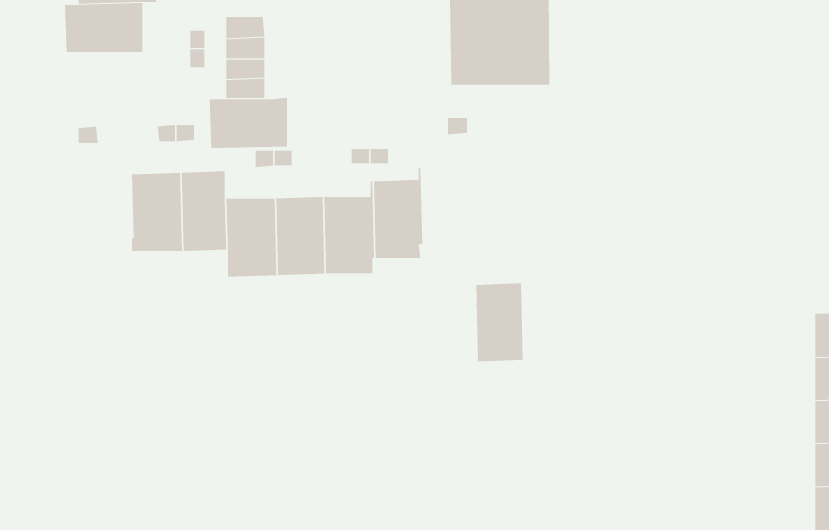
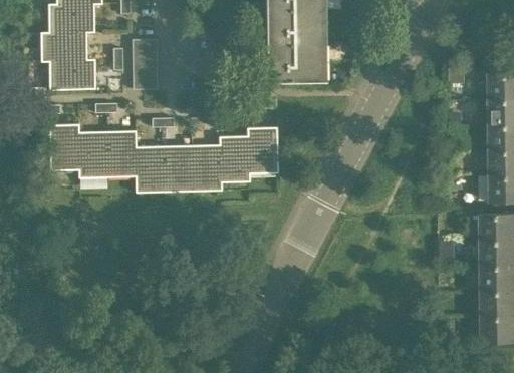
building: [209,97,288,149] -> [49,60,95,90]
building: none -> [50,123,81,169]
building: [475,283,523,362] -> [250,127,278,173]

